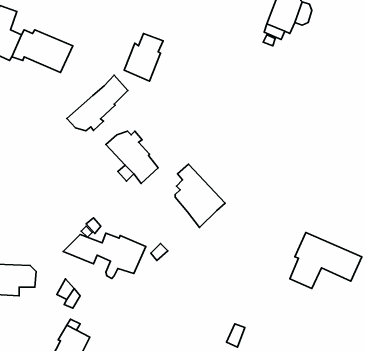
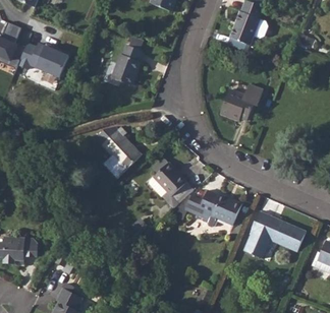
building: [67,75,128,131] -> none
building: none -> [220,83,263,120]
building: [63,233,146,278] -> [174,191,243,229]

